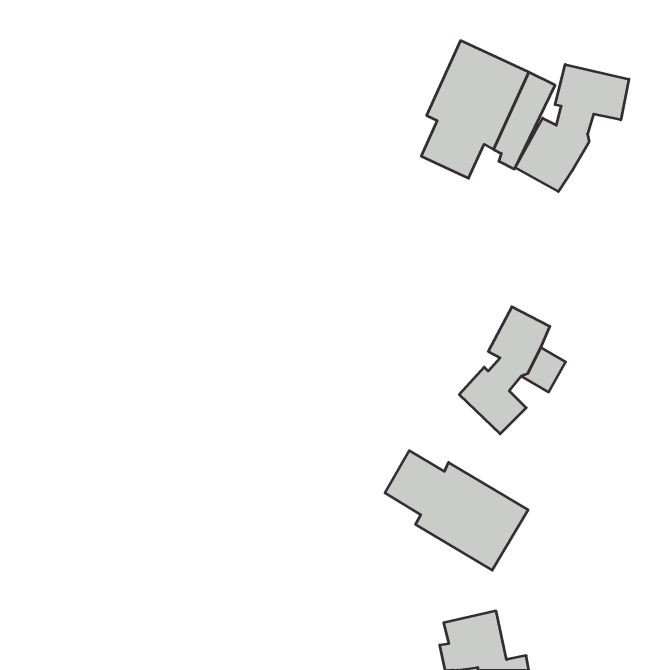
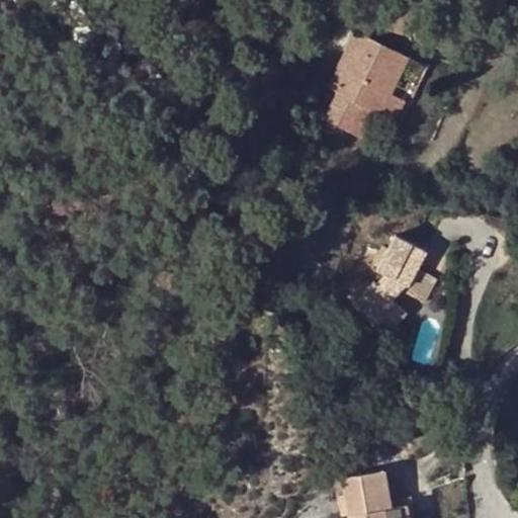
building: [515,64,629,192] -> none
building: [385,451,528,570] -> none

